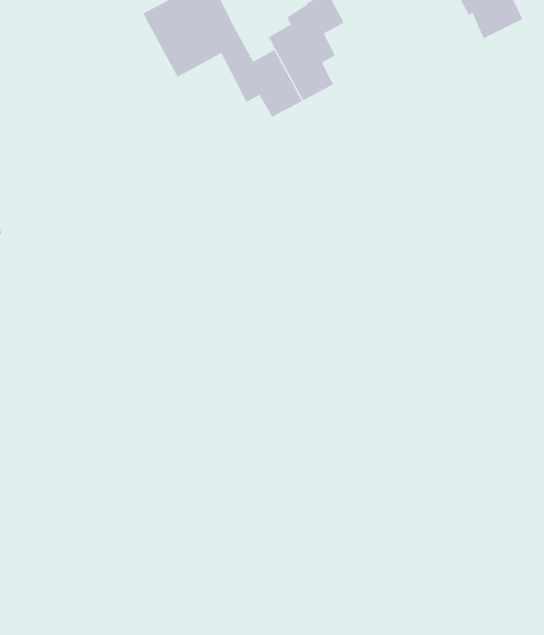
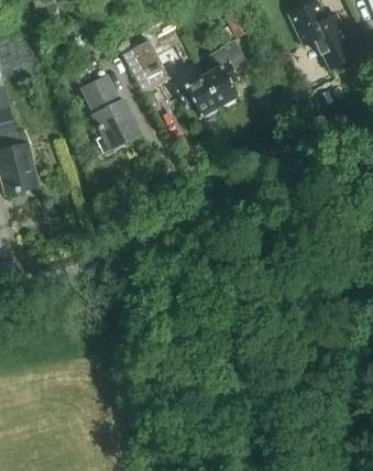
building: none -> [73,59,141,154]

